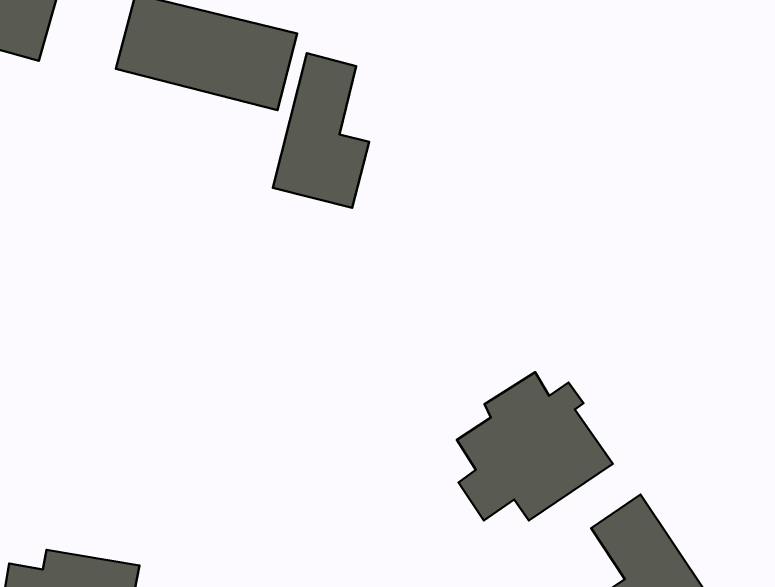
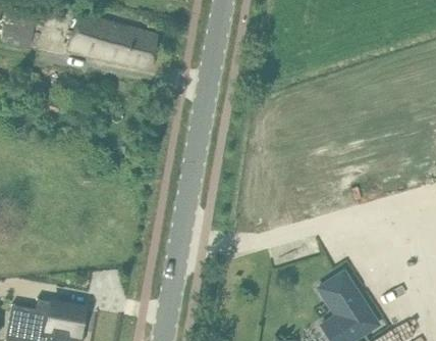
building: [273,53,369,208] -> none
building: [457,372,613,520] -> none

